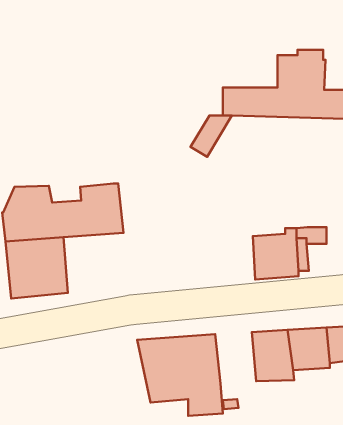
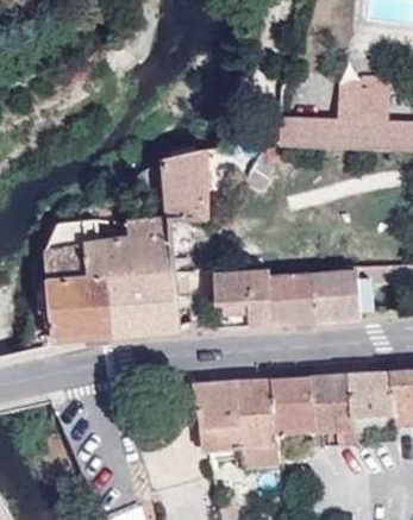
building: none -> [164,150,208,220]
building: none -> [215,271,315,328]
building: none -> [111,272,181,337]
building: none -> [273,378,317,433]

